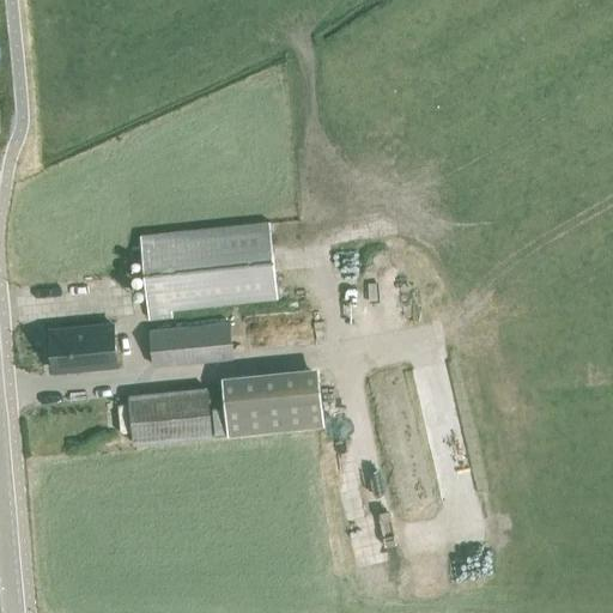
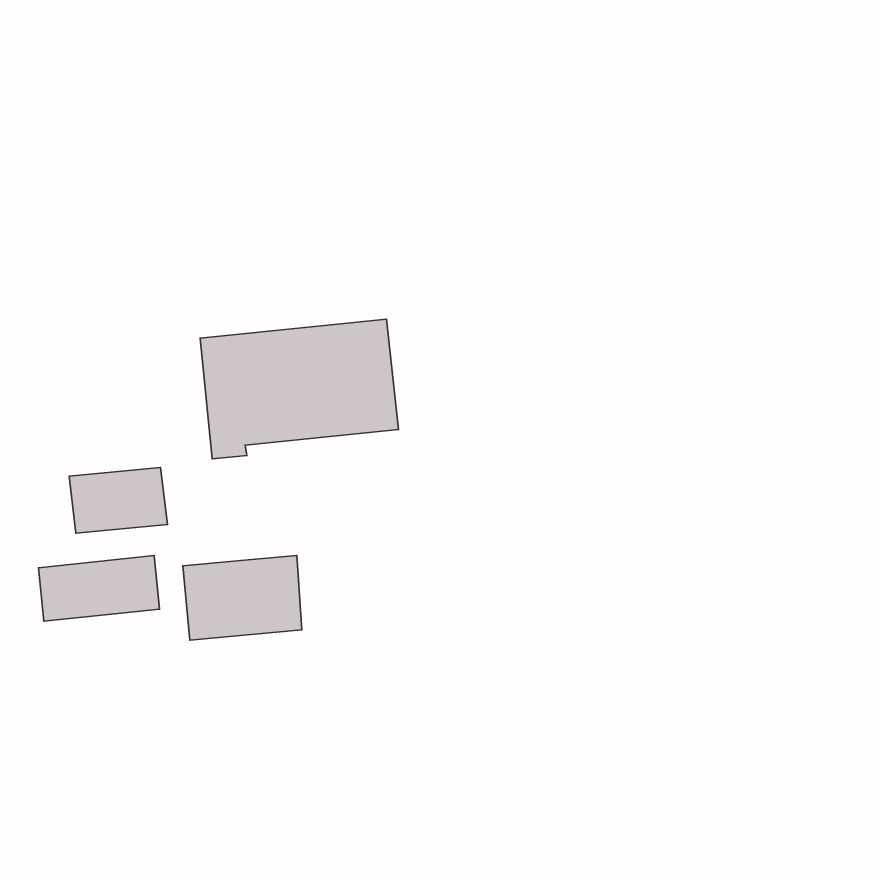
building: [147,321,231,366] -> [39,556,159,621]
building: [221,377,323,436] -> none

